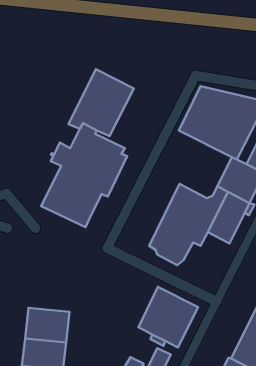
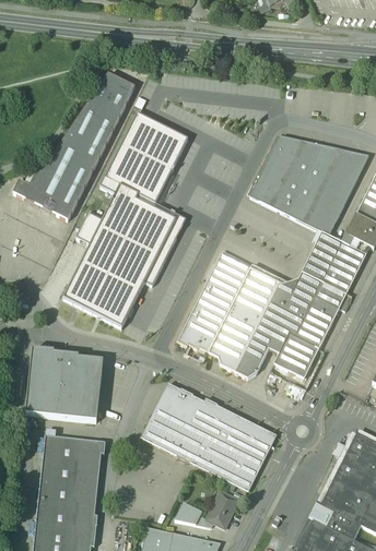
building: none -> [15,72,137,217]
building: none -> [177,257,251,351]
building: none -> [274,333,319,378]
building: none -> [26,348,104,420]
building: none -> [143,384,222,462]

